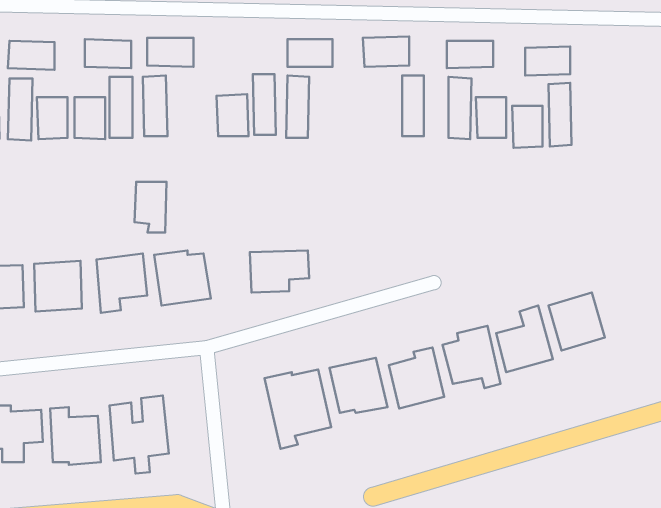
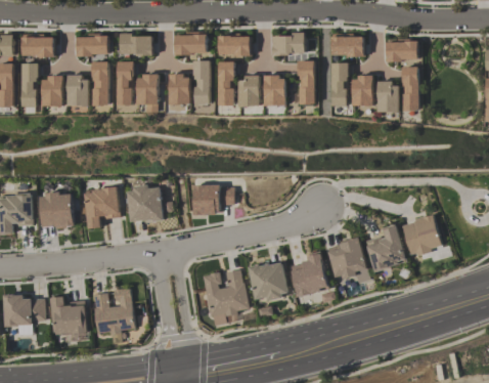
building: none -> [173,35,206,54]
building: none -> [264,76,285,105]
building: none -> [237,77,259,107]
building: [135,182,166,232] -> [136,76,159,112]

